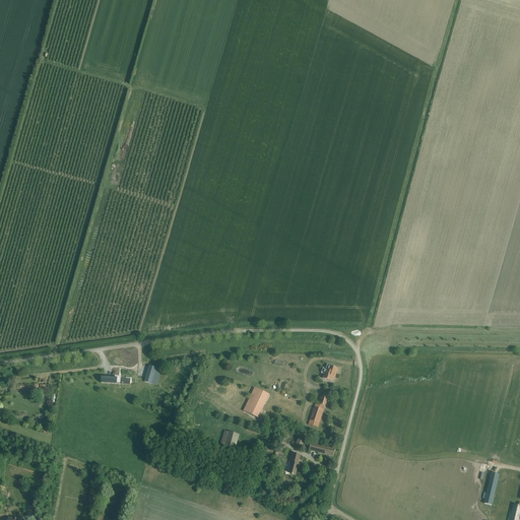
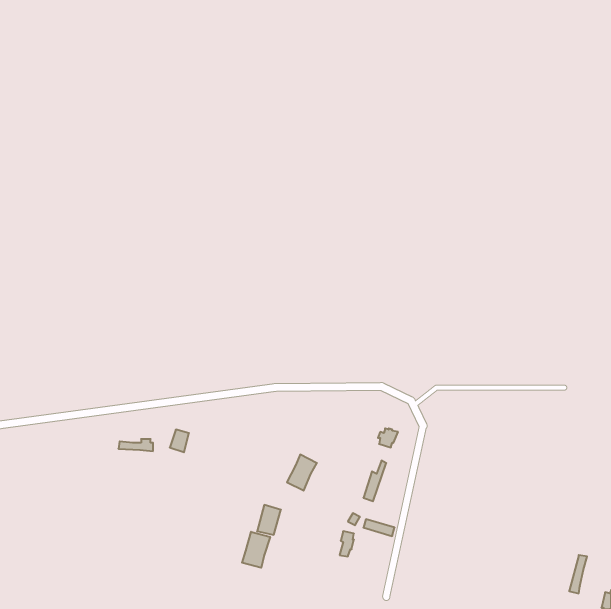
building: none -> [242,532,270,568]

